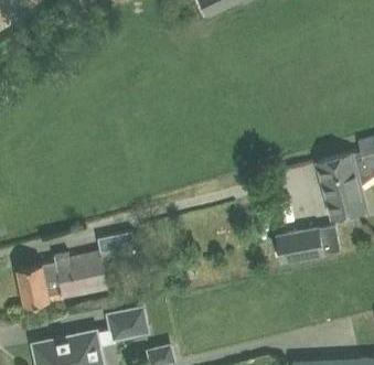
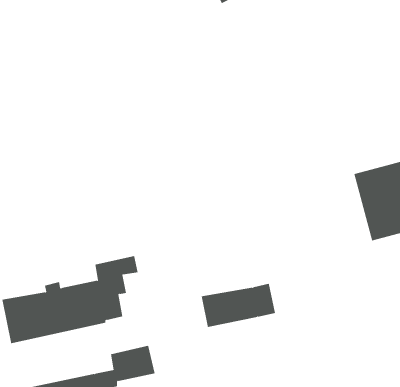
building: [276,227,340,265] -> [201,283,276,327]

